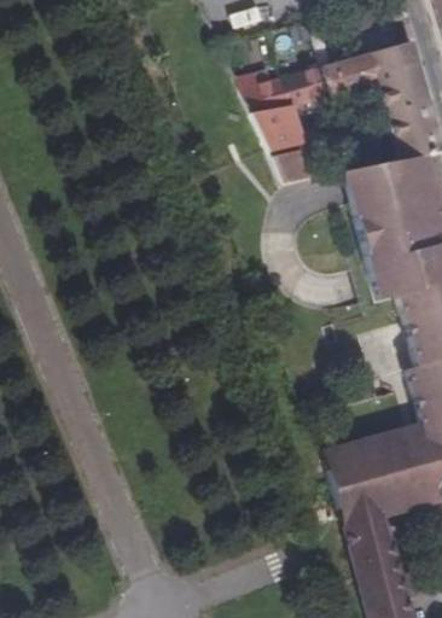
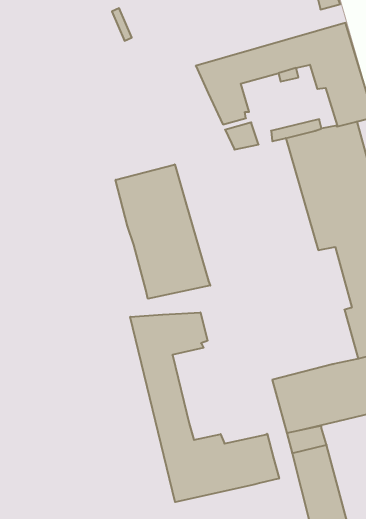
building: none -> [116,164,210,299]
building: none -> [130,312,279,502]

